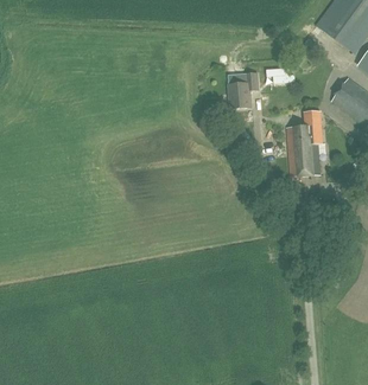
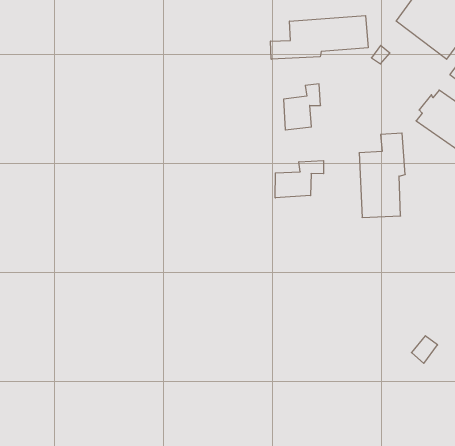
building: none -> [271,16,368,59]
building: none -> [275,161,324,198]

